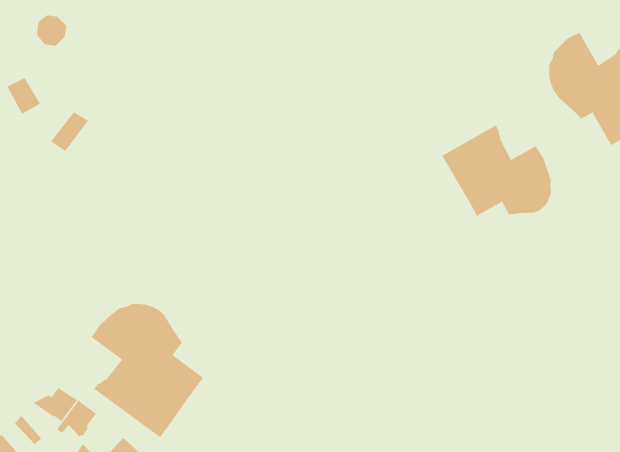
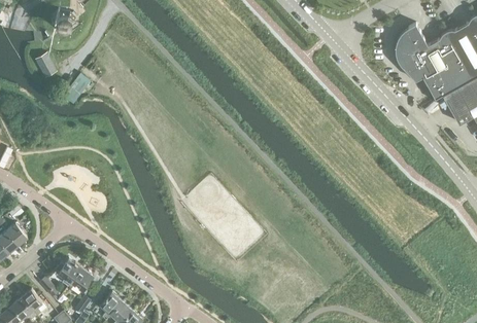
building: [442,125,551,216] -> none
building: [91,303,204,438] -> none

